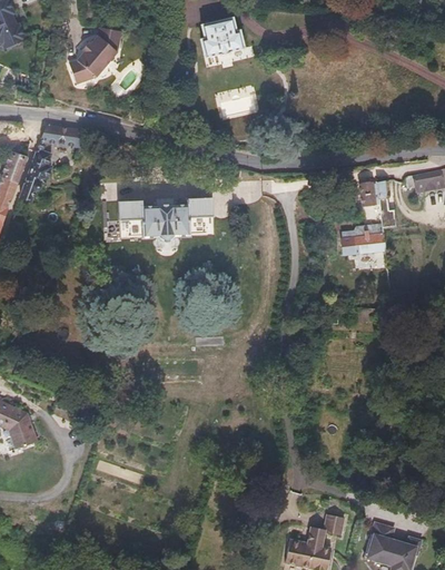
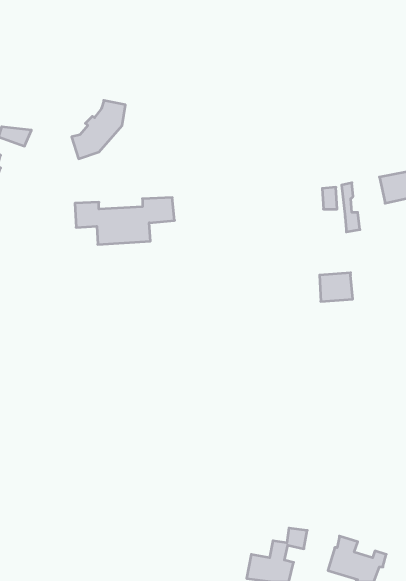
building: [199,19,244,59] -> none
building: [67,26,119,82] -> [72,100,125,159]
building: [352,225,384,253] -> [320,273,353,301]

